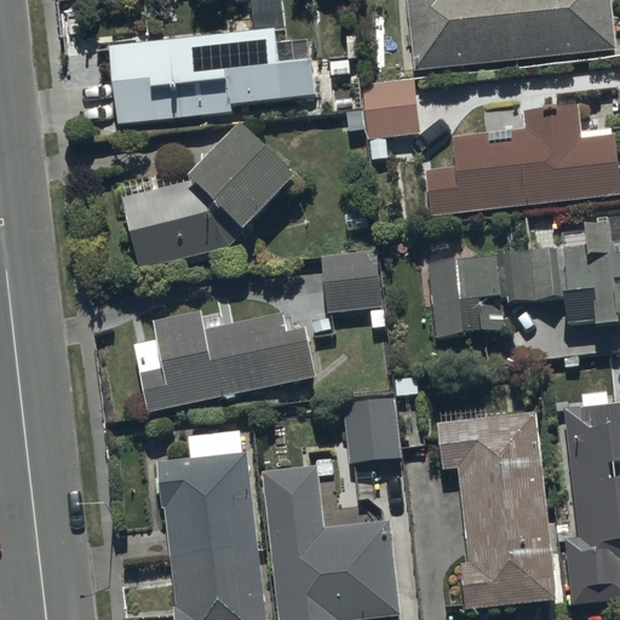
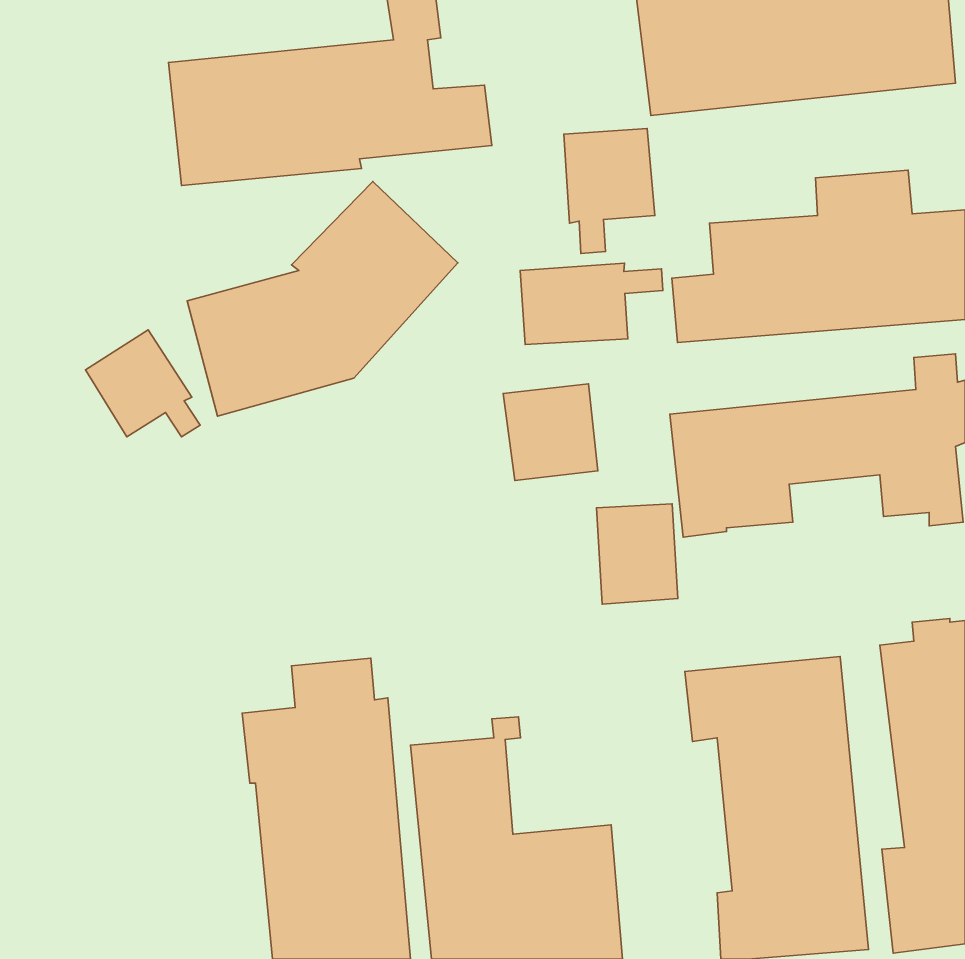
building: none -> [520,263,663,344]
building: none -> [86,330,200,437]
building: [137,305,315,406] -> none
building: [349,403,401,467] -> [596,504,678,604]

